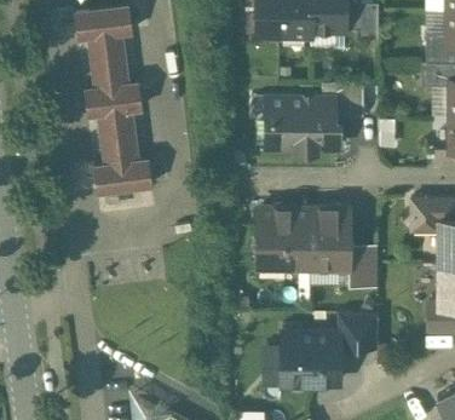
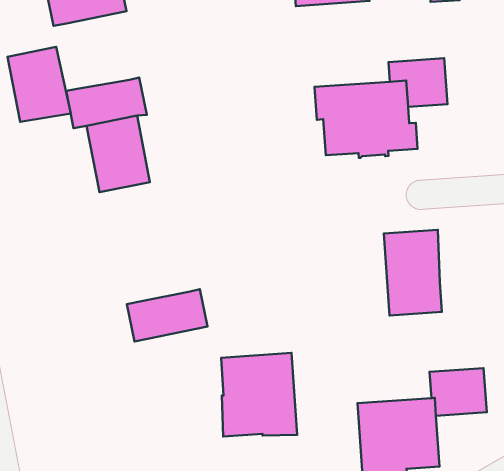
building: [87,35,131,88] -> [8,47,71,122]
building: [93,160,151,195] -> [127,289,207,341]
building: [255,211,310,271] -> [221,353,297,436]
building: [349,249,375,289] -> none

